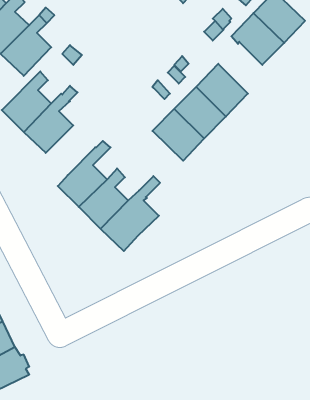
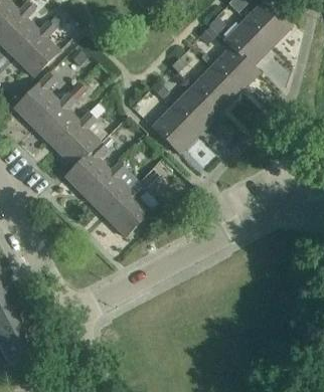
building: none -> [212,44,260,91]
building: none -> [54,102,105,166]

